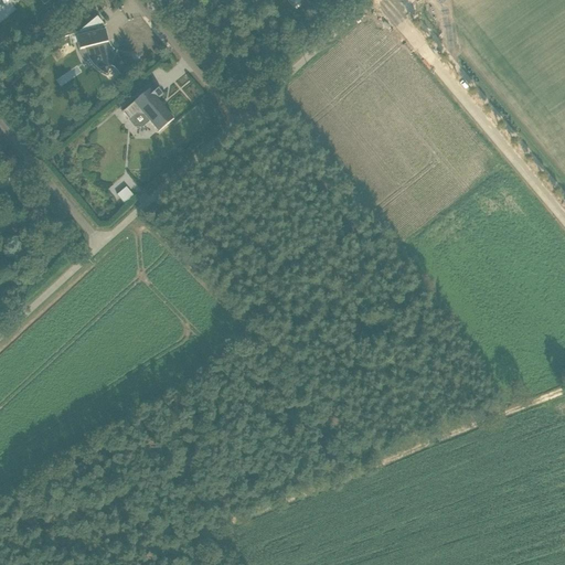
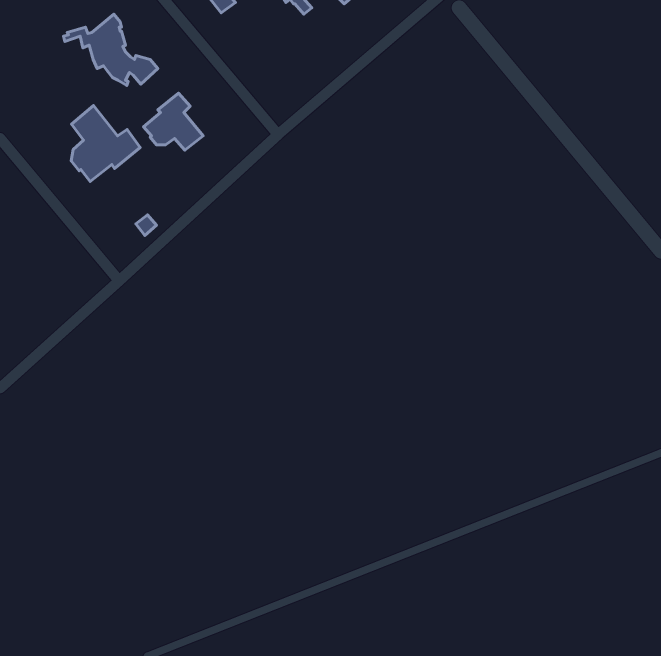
building: none -> [71,106,140,182]

